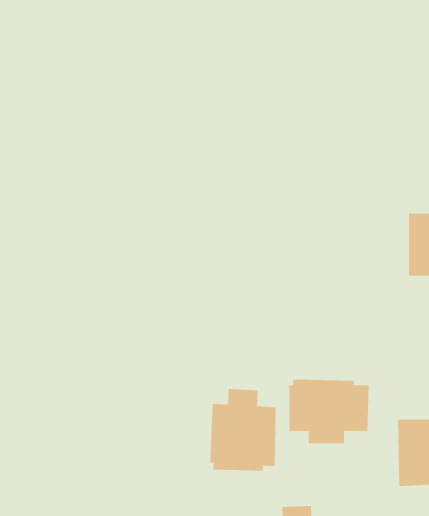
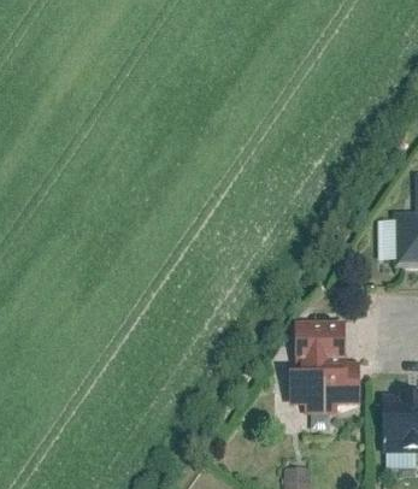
building: none -> [296,322,343,357]
building: [210,388,276,471] -> none

